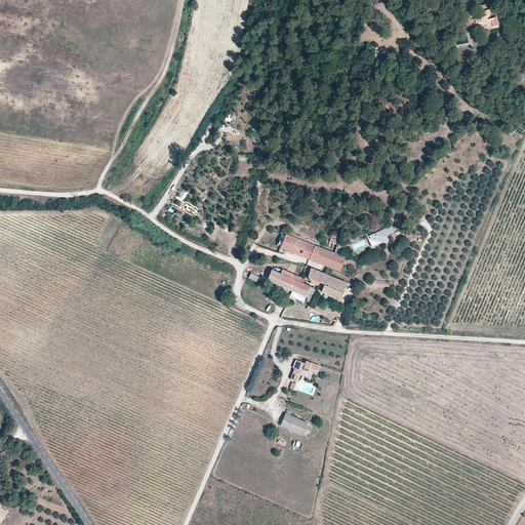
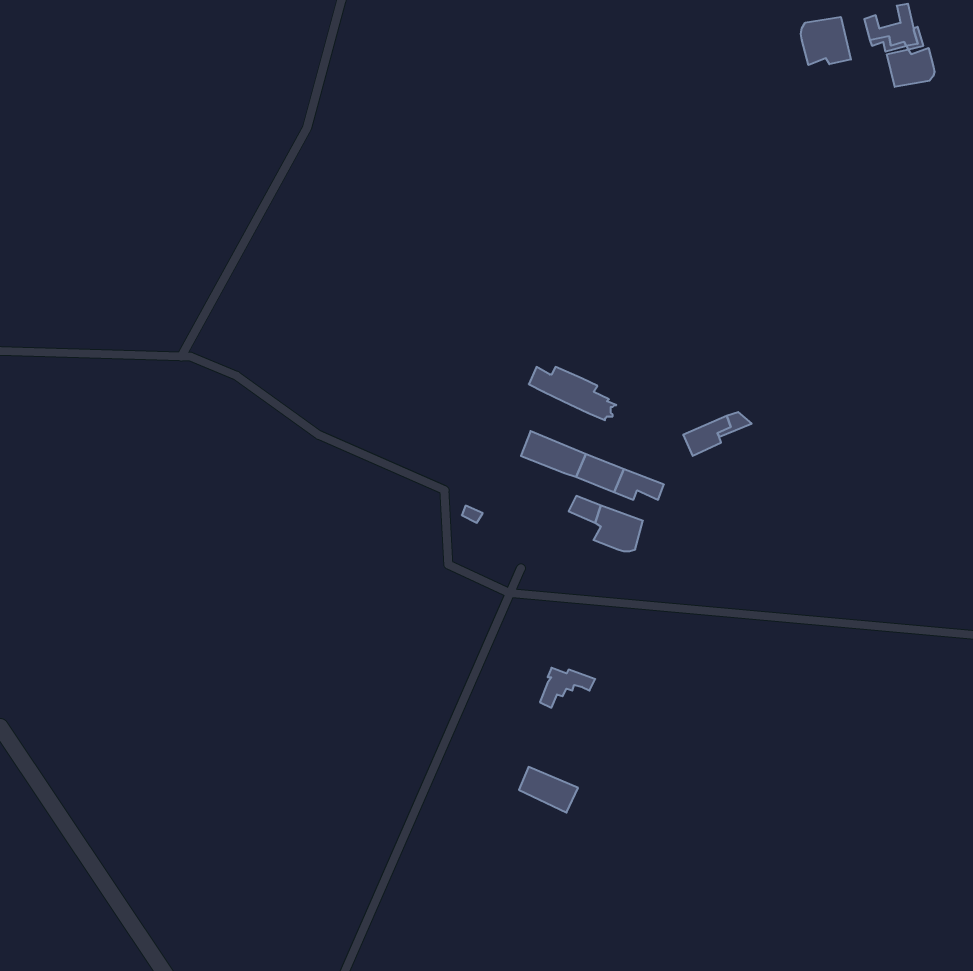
building: none -> [801,17,851,65]
building: none -> [887,48,934,87]
building: [268,270,315,298] -> [529,367,616,420]

